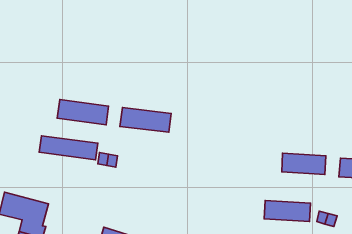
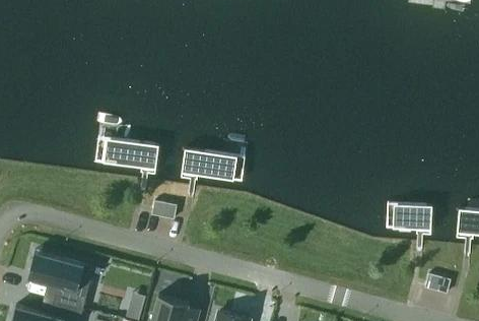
building: [39,136,98,160] -> none
building: [264,201,311,221] -> none

